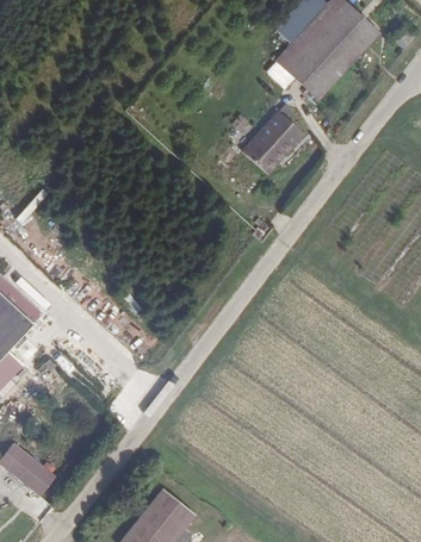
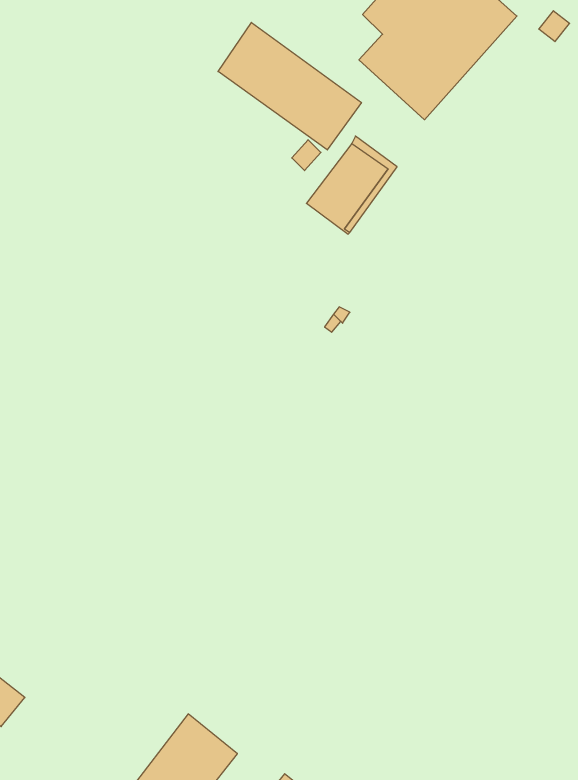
building: none -> [218,22,361,150]

